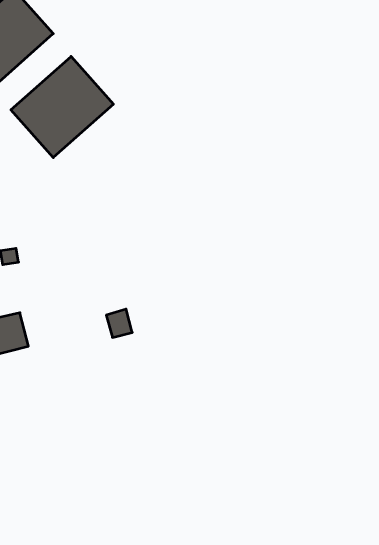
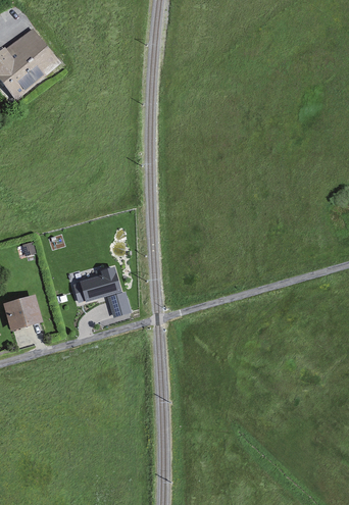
building: [11,56,113,158] -> none
building: none -> [70,264,118,299]

